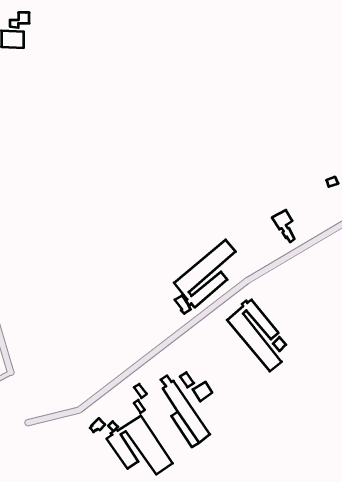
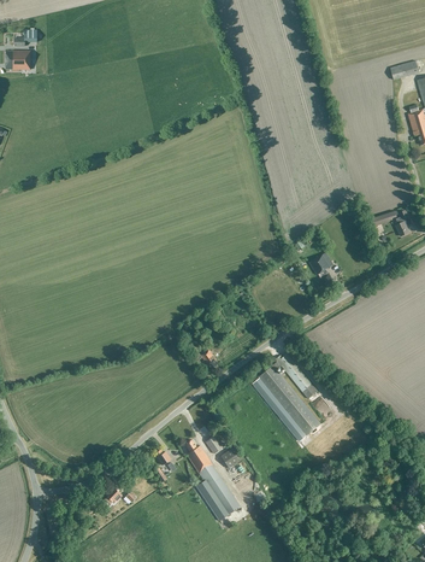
building: [174,240,236,307] -> none
building: [107,416,173,474] -> none

